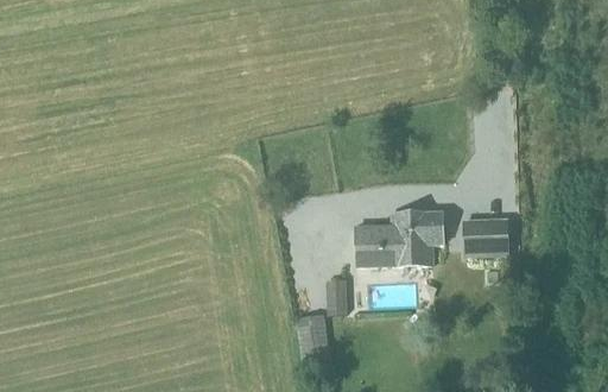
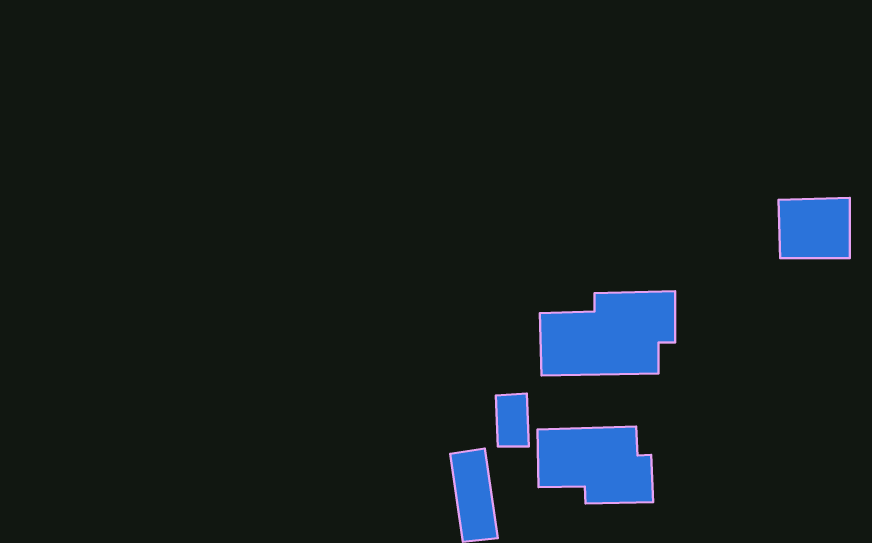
building: [463,217,509,257] -> [778,198,850,258]
building: none -> [538,427,653,504]

